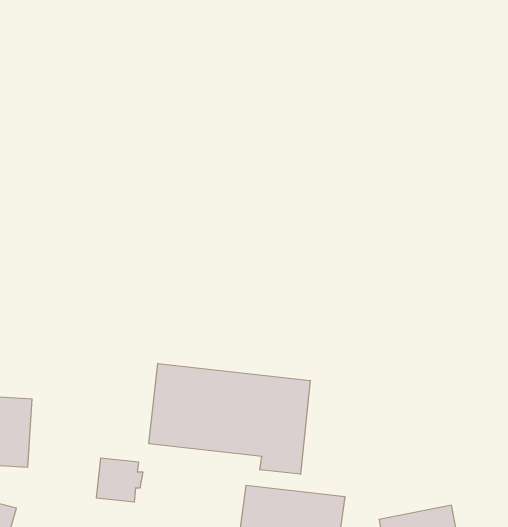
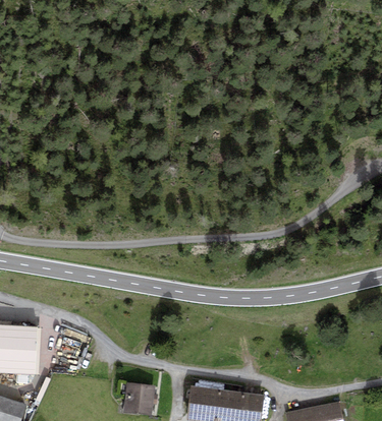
building: [149,363,310,474] -> none
building: [96,458,143,502] -> [124,382,158,414]

